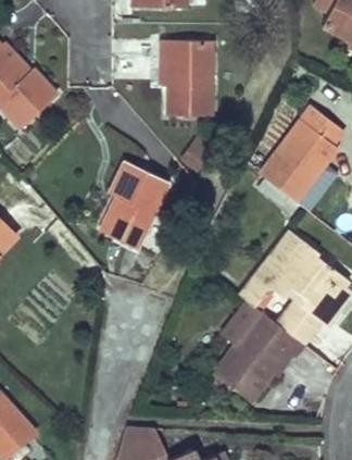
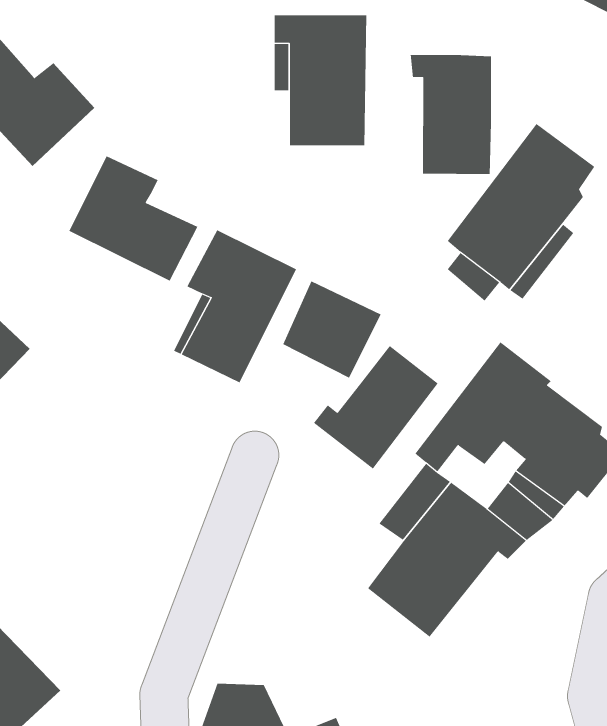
building: none -> [410,54,492,175]
building: none -> [69,155,198,282]
building: none -> [282,281,381,379]
building: none -> [313,345,439,470]

